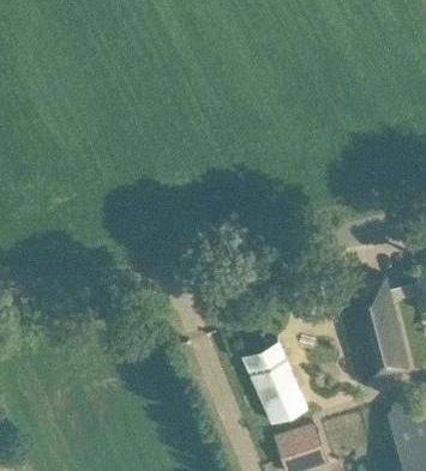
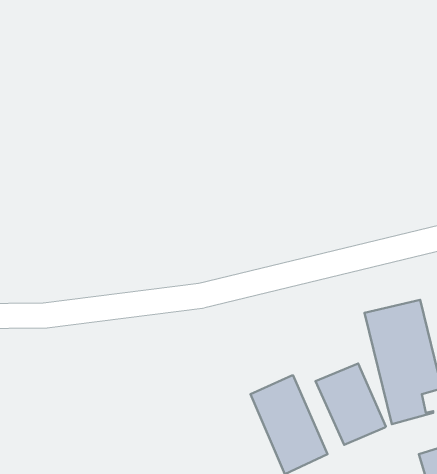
building: none -> [316,364,386,445]

